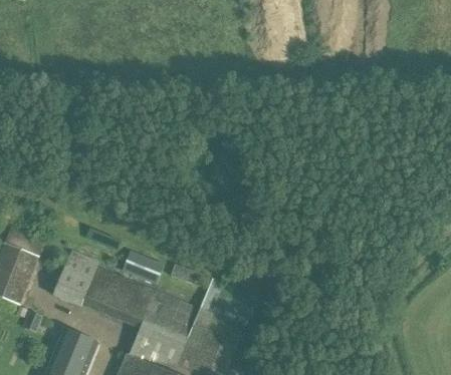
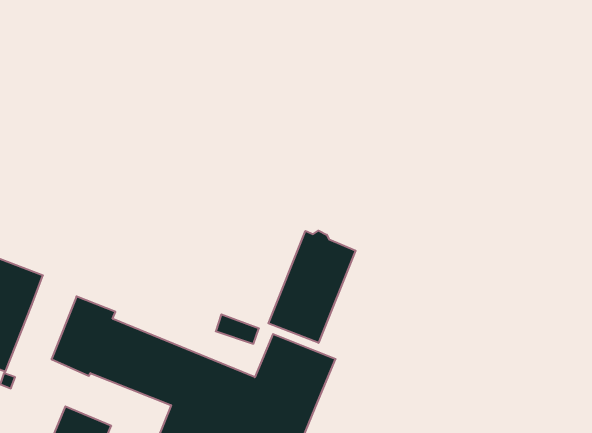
building: none -> [268,231,356,343]
building: [122,249,165,283] -> none

